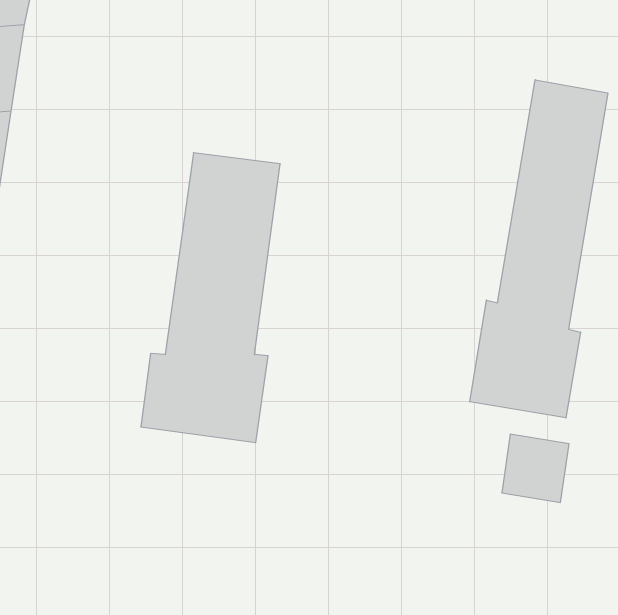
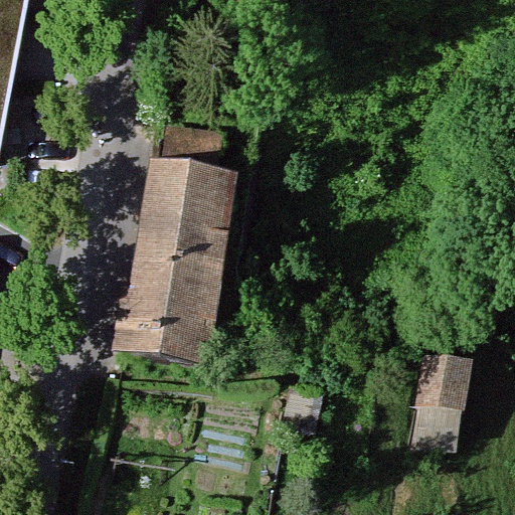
building: [470,80,608,418] -> none

